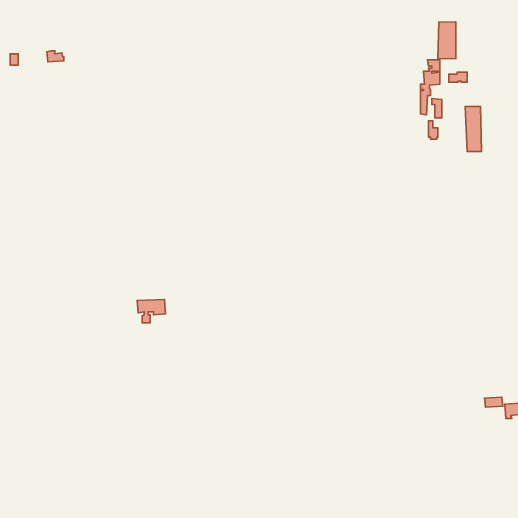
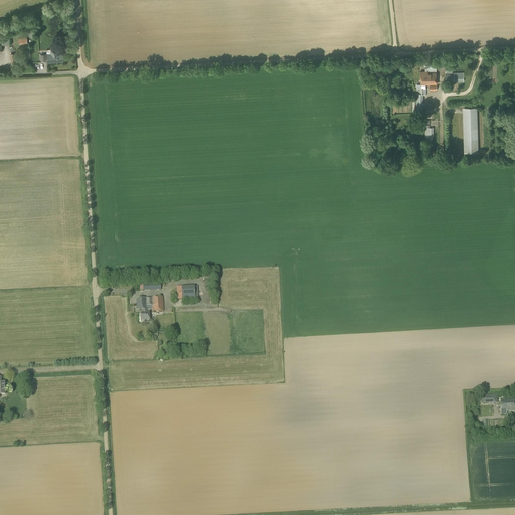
building: [438,22,456,59] -> none

